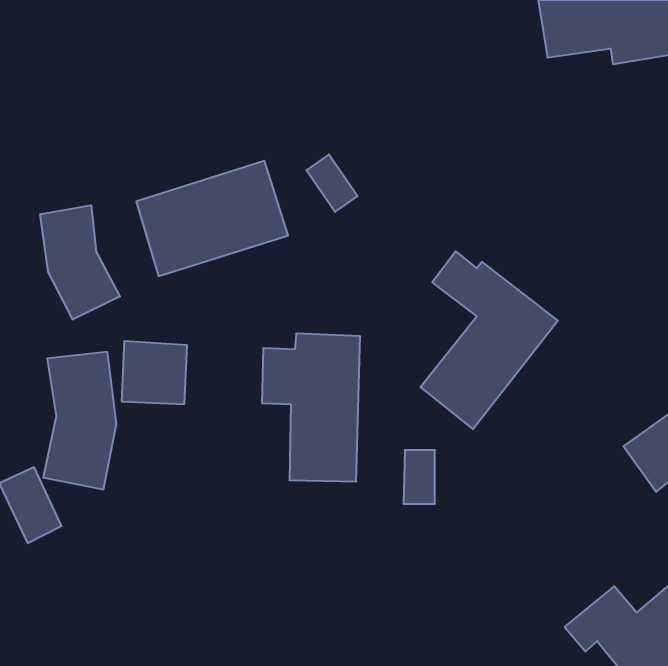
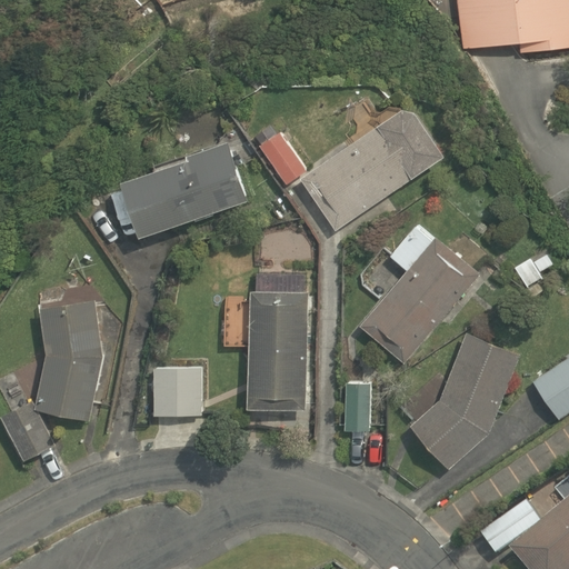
building: none -> [298,104,441,230]
building: [40,205,120,320] -> none
building: [122,341,187,404] -> [149,361,204,415]
building: none -> [412,335,520,471]

